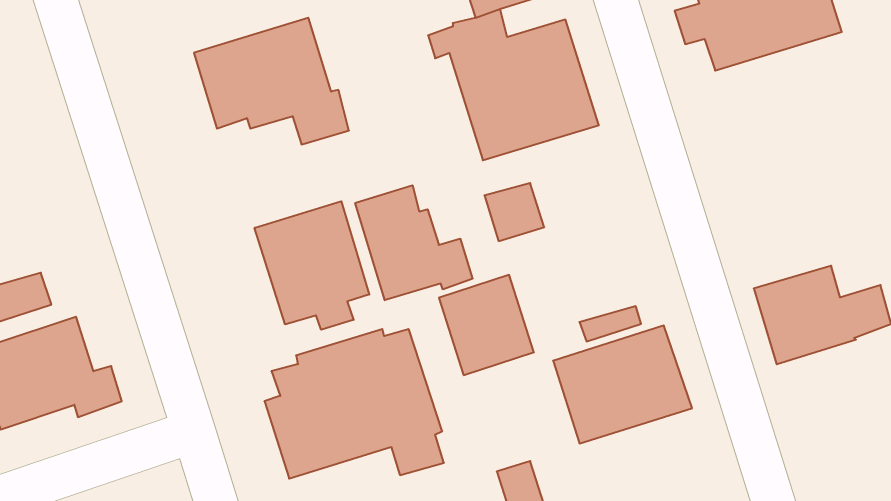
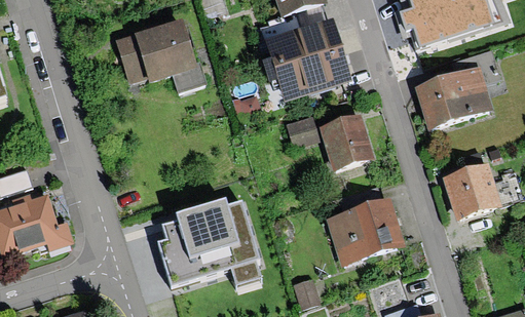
building: none -> [413,49,500,131]
building: [355,185,473,300] -> none
building: [255,201,369,330] -> none
building: [439,275,534,375] -> [320,113,375,171]

